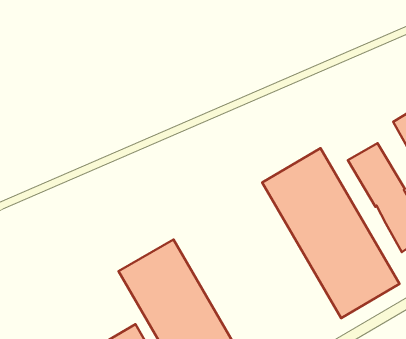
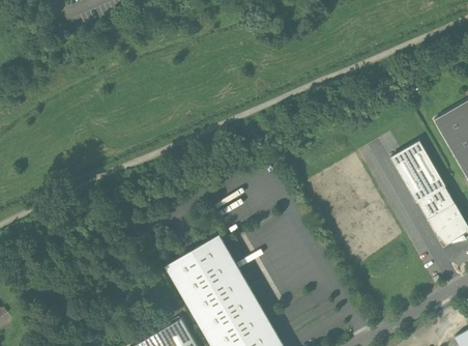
building: [262,148,399,318] -> none

